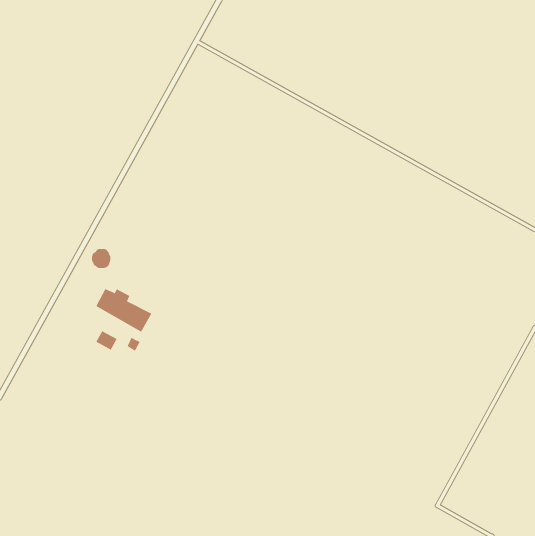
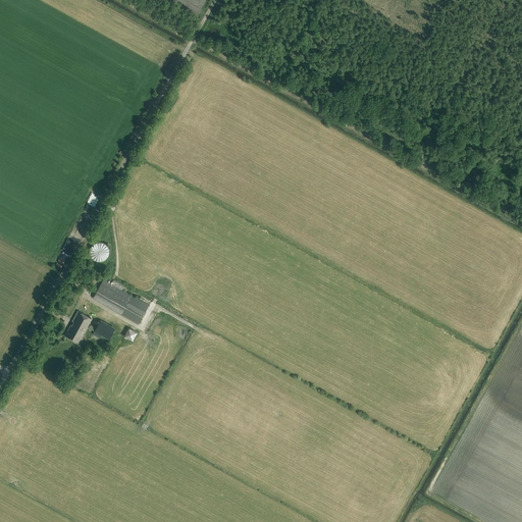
building: none -> [64,311,91,343]

